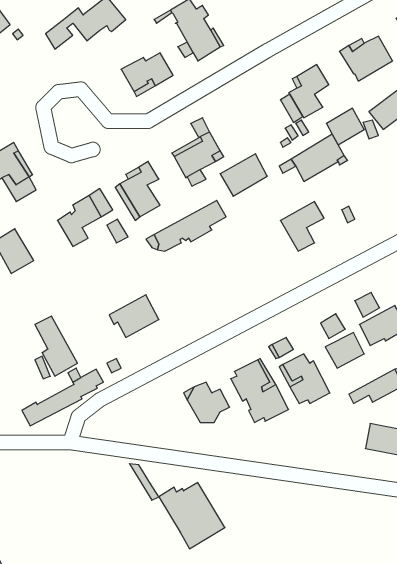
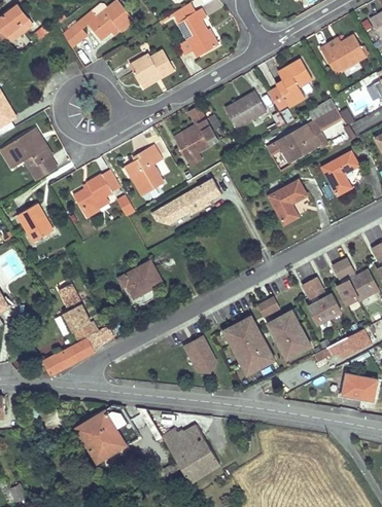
building: [220,154,267,196] -> [224,92,266,129]
building: none -> [322,153,358,196]
building: none -> [76,405,140,462]

